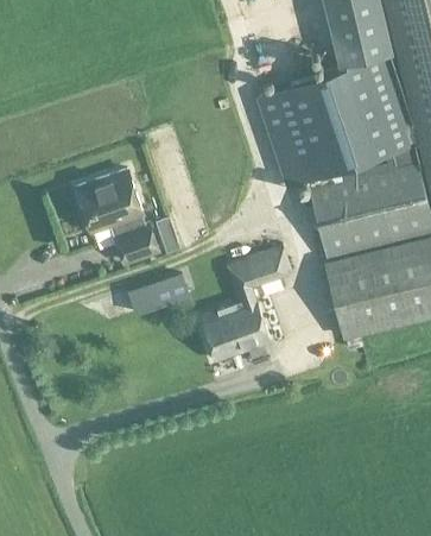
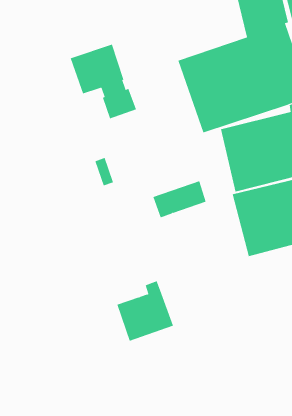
building: [76,170,158,263] -> [70,44,137,119]
building: [126,276,188,316] -> none
building: [201,286,271,361] -> [117,280,174,341]

